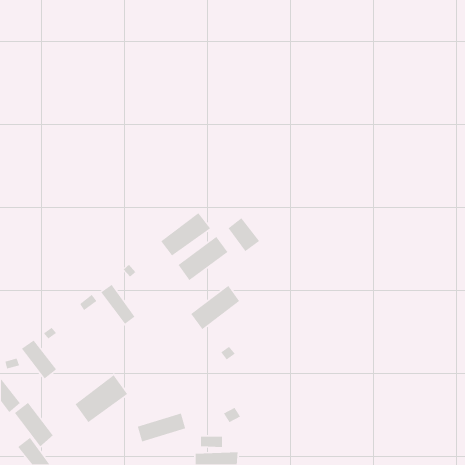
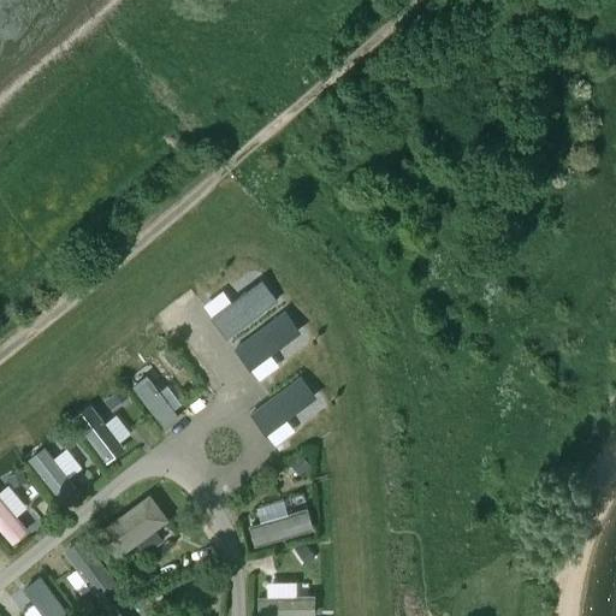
building: [227,217,260,252] -> none
building: none -> [73,405,125,464]
building: [14,402,54,447] -> [64,539,117,599]
building: [137,413,186,443] -> [249,509,314,549]

